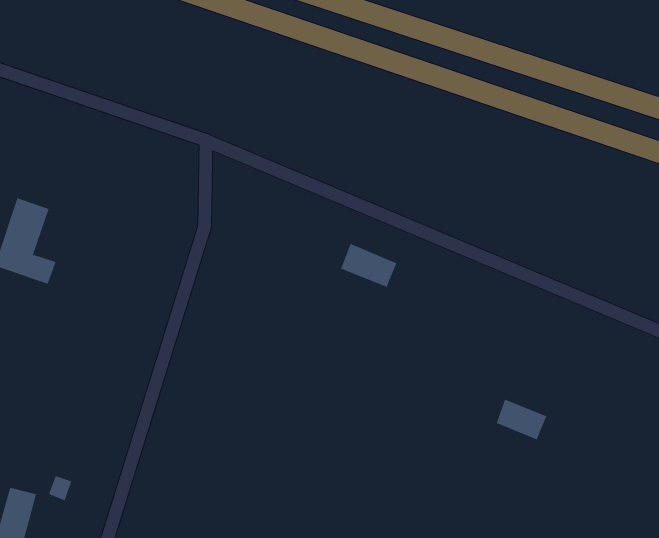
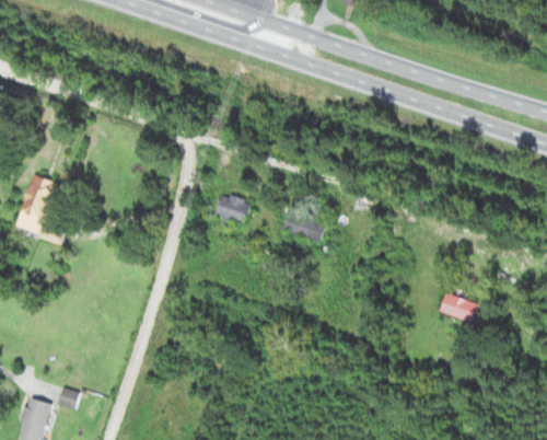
building: none -> [216,192,248,224]
building: [496,399,547,440] -> [439,291,478,323]

